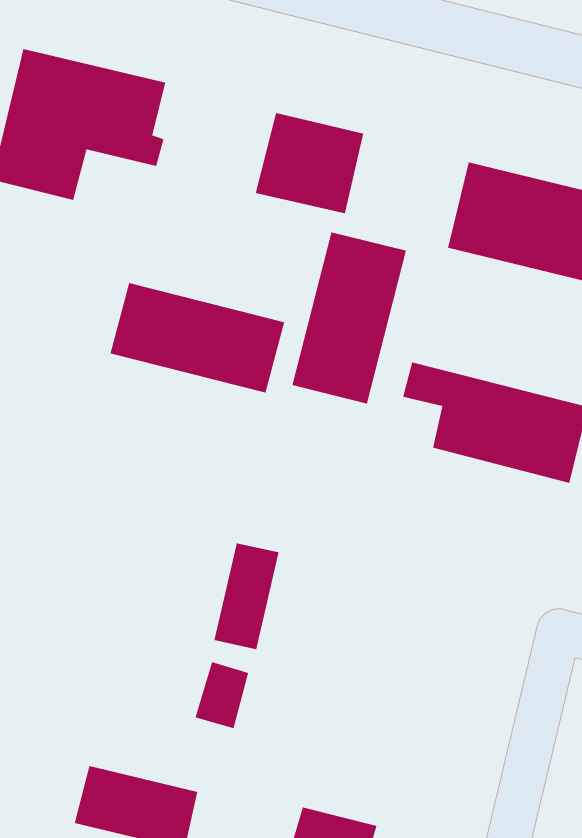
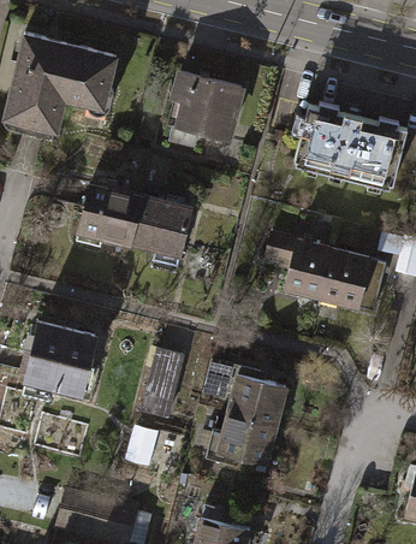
building: [291,231,407,404] -> none
building: none -> [22,313,99,400]
building: none -> [208,368,292,466]

